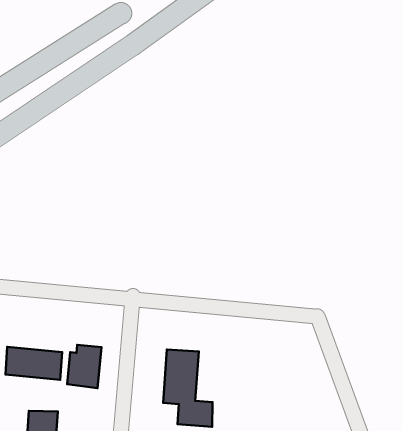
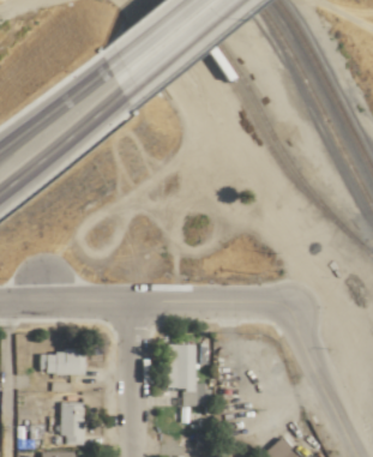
building: [67,345,102,388] -> none

